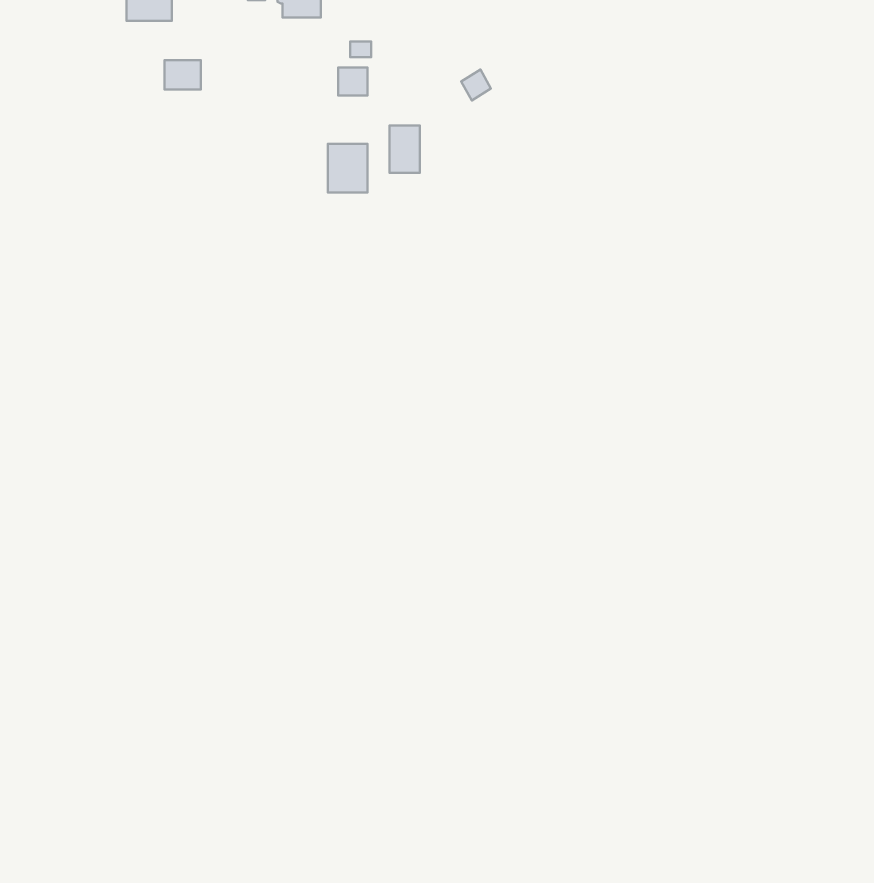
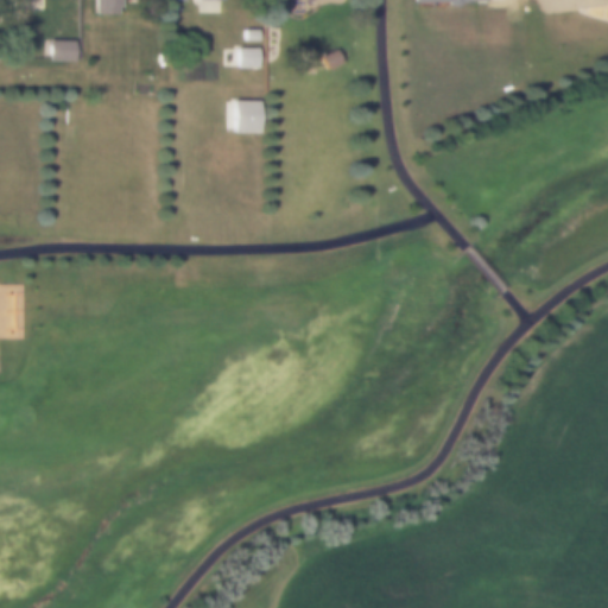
building: [164,60,201,90] -> [51,38,76,58]
building: [389,126,420,173] -> none

